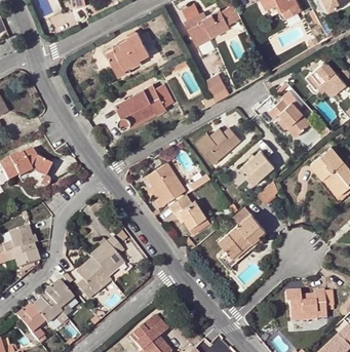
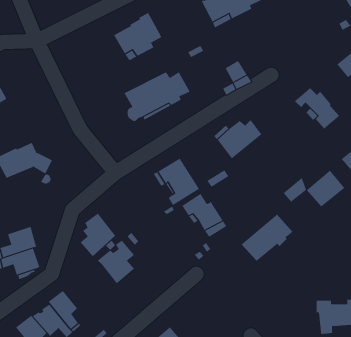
building: [238,151,273,185] -> [306,170,345,207]
building: [76,258,109,298] -> [80,213,116,257]

